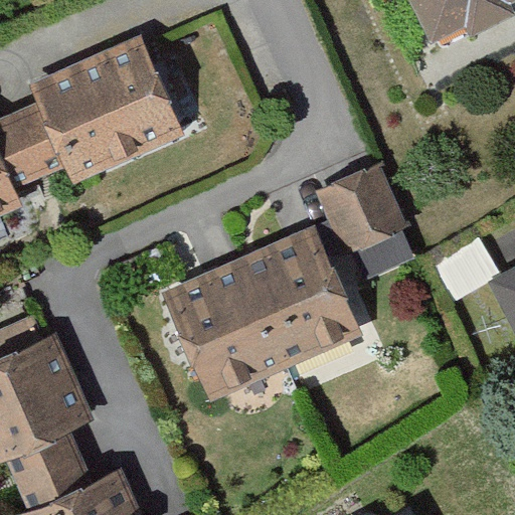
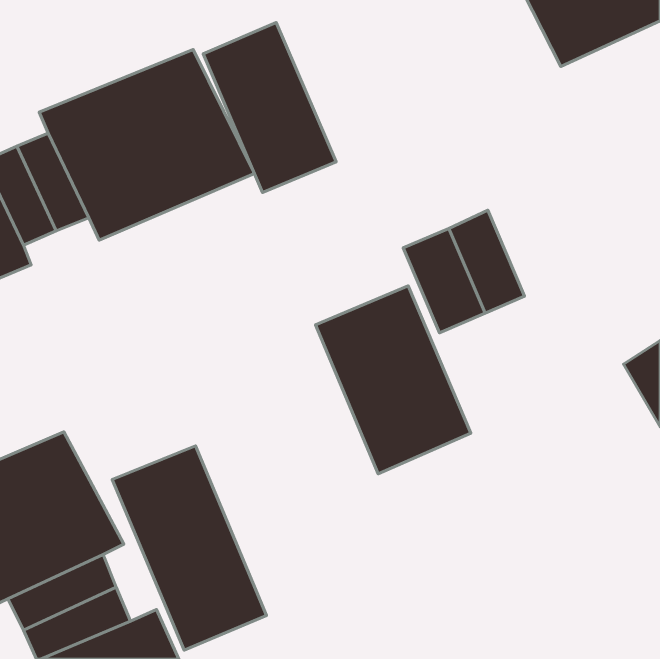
building: none -> [203,23,336,192]
building: [164,250,292,402] -> none
building: none -> [112,446,267,650]

